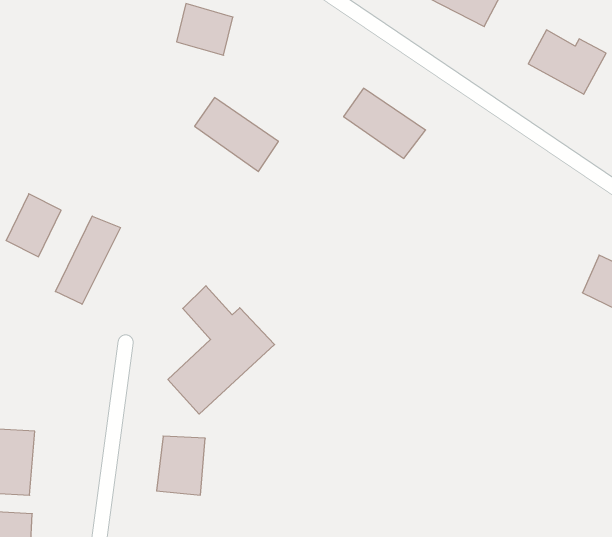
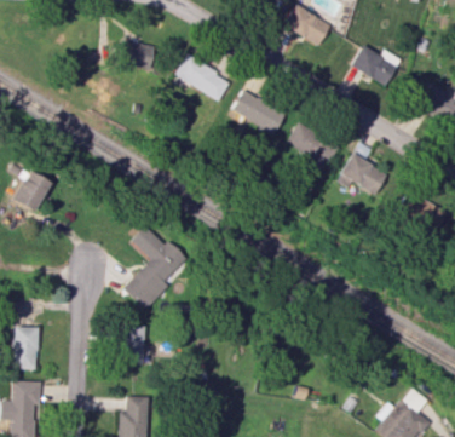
building: [195,98,278,172] -> [174,53,230,100]
building: none -> [286,123,339,163]
building: none -> [339,151,387,194]
building: [55,216,120,304] -> none

